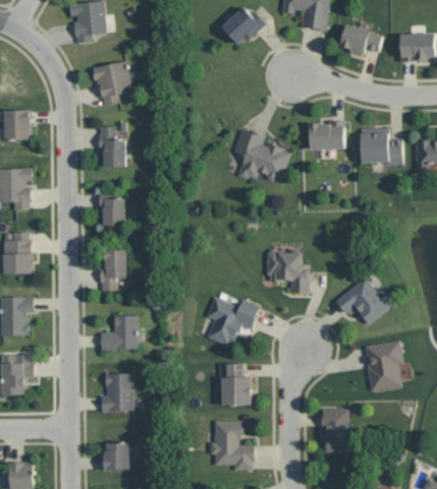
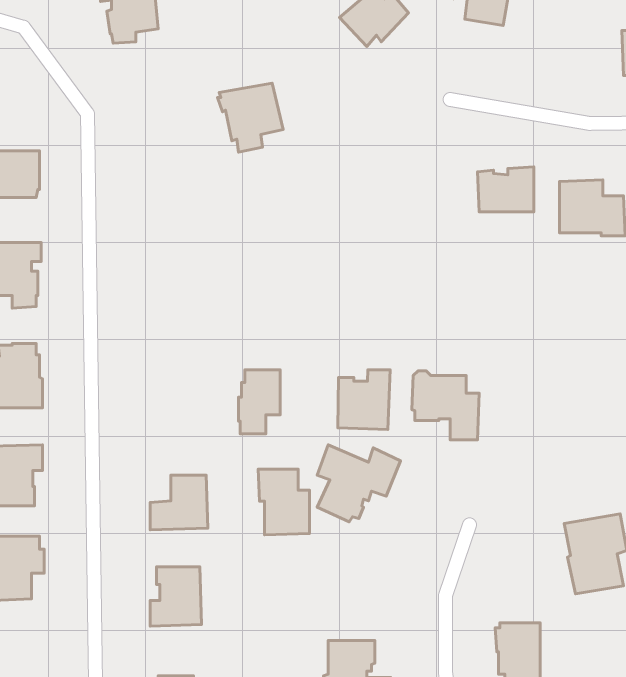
building: [340,24,383,56] -> none
building: [91,62,132,106] -> [218,83,283,152]
building: [99,127,125,168] -> none
building: [233,130,290,181] -> none
building: [99,193,124,226] -> none
building: none -> [338,370,390,430]
building: [100,250,126,291] -> [238,370,280,434]
building: [335,278,388,325] -> none
building: [218,364,251,406] -> [258,469,309,535]

